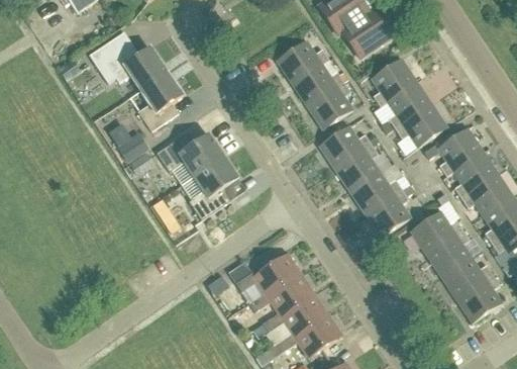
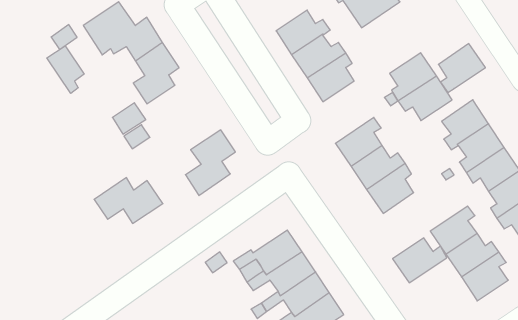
building: [372,59,417,106] -> [438,44,485,93]
building: none -> [47,46,84,93]
building: [319,126,372,170] -> none
building: [157,131,223,176] -> [94,178,163,223]
building: [410,211,462,255] -> [393,238,447,283]

